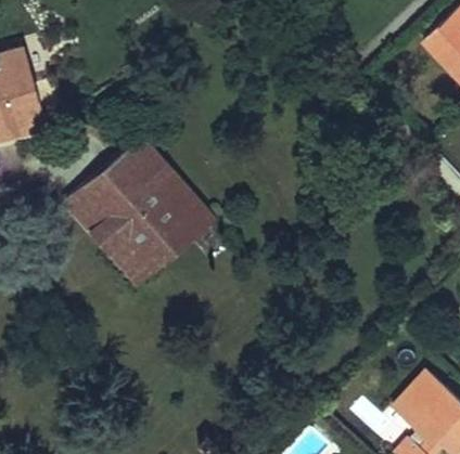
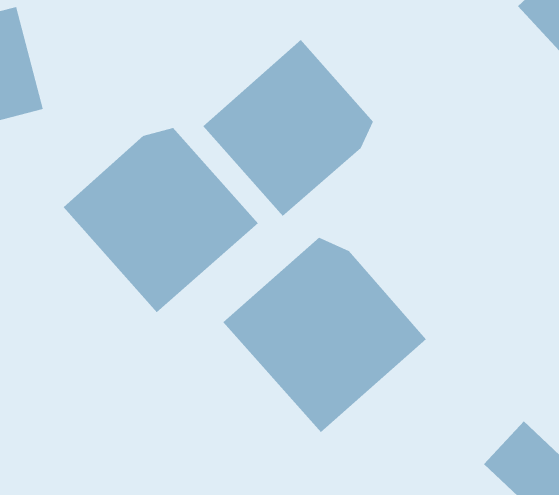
building: none -> [203,39,374,217]
building: none -> [222,237,427,433]

